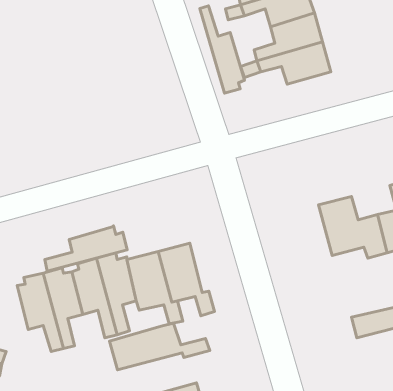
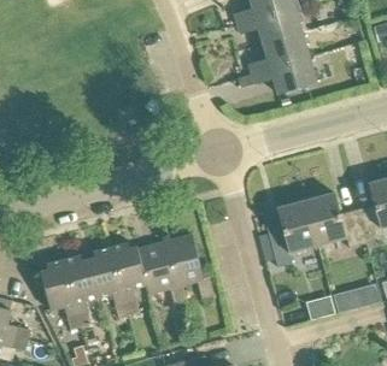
building: [200,6,245,93] -> none
building: none -> [268,200,317,266]
building: [45,226,127,271] -> none
building: [110,323,210,370] -> none

